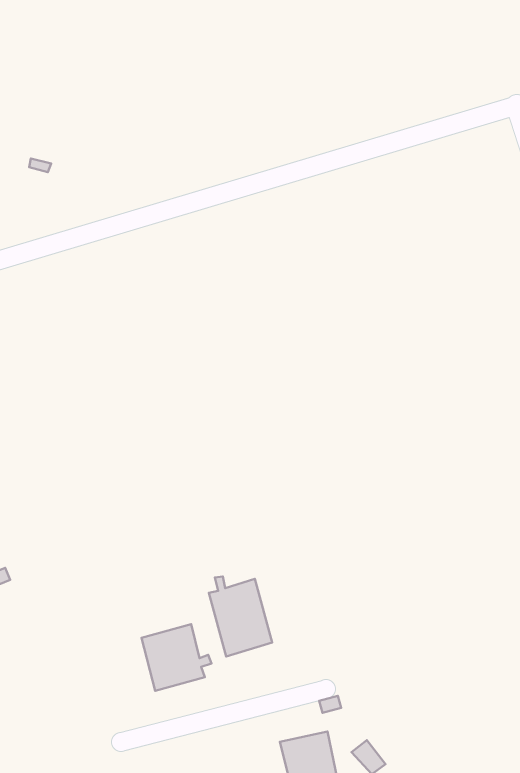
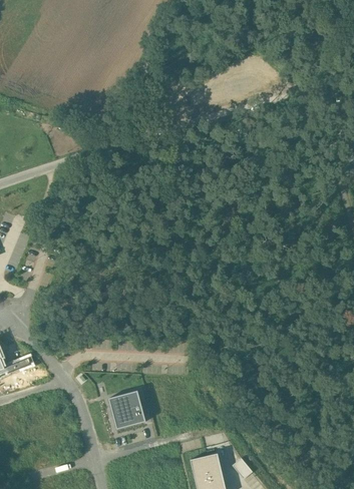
building: [209,577,272,656] -> none

